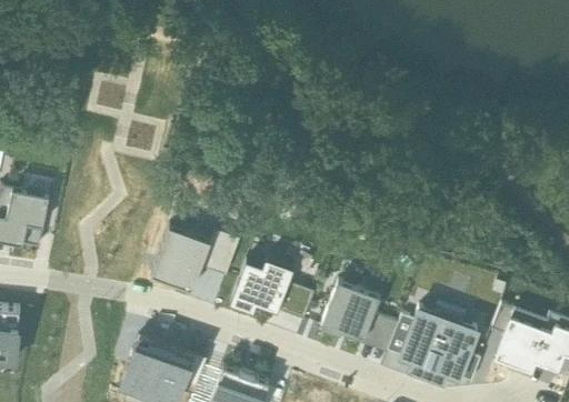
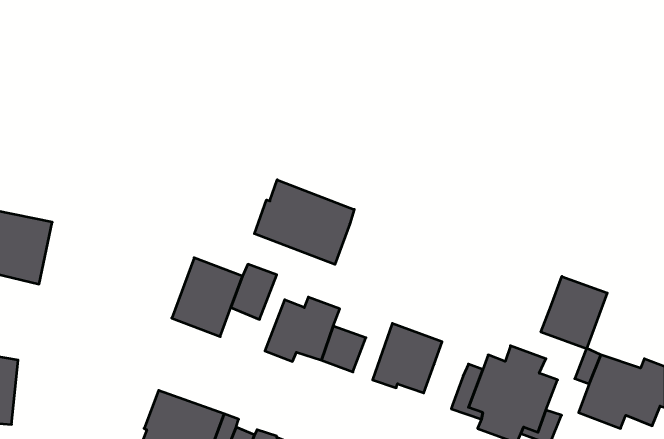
building: none -> [254,180,354,264]
building: none -> [541,276,607,349]
building: [363,315,397,350] -> none

